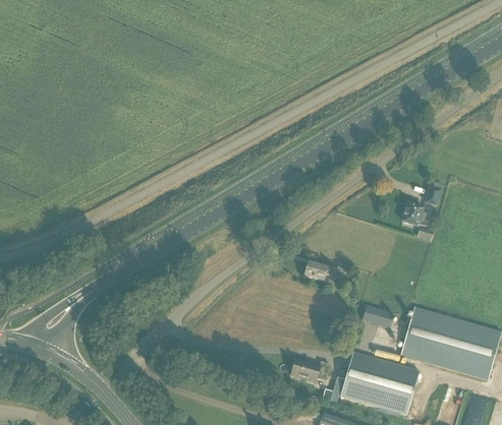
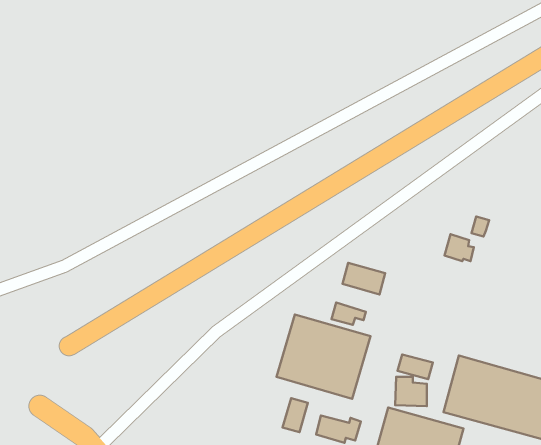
building: none -> [342,263,385,294]
building: none -> [276,314,371,399]
building: none -> [283,398,308,432]

